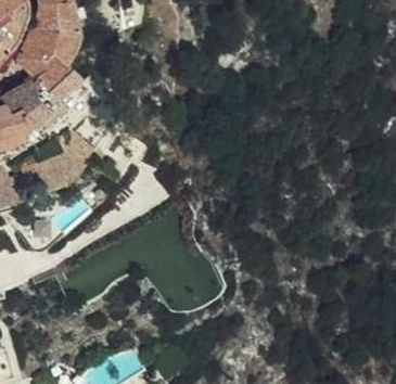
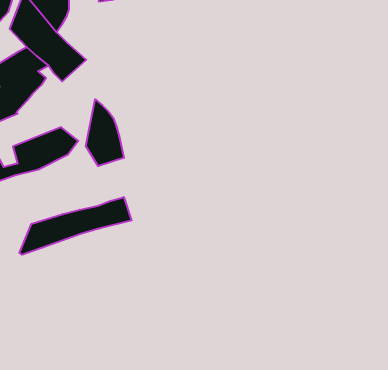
building: none -> [86,99,124,166]
building: none -> [19,197,132,255]

